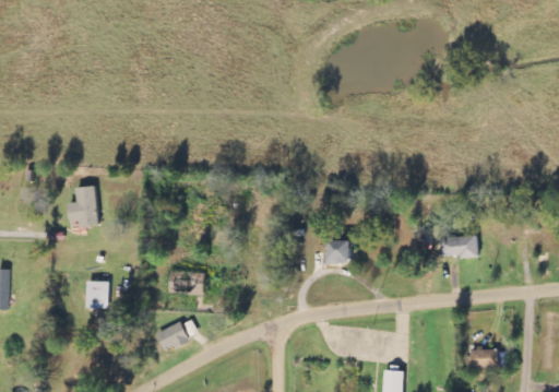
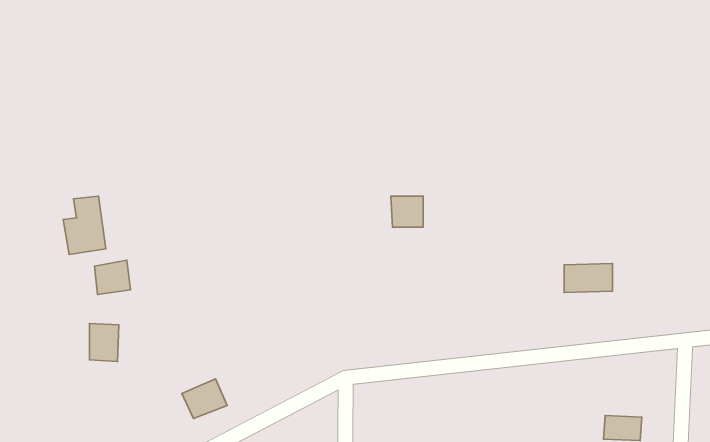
building: none -> [94,260,131,295]
building: [325,239,349,262] -> [391,196,423,227]
building: [168,271,204,294] -> none

